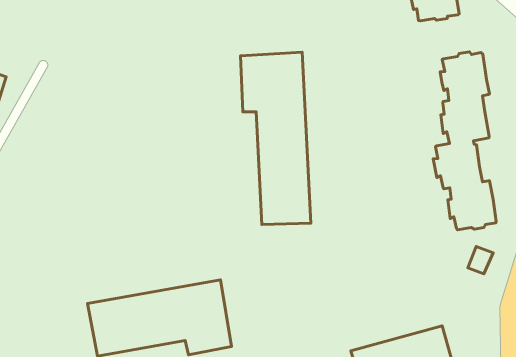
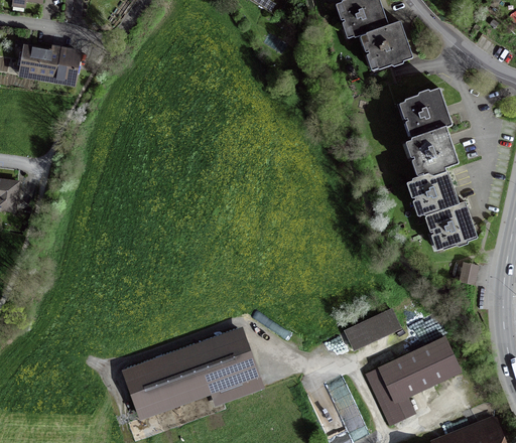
building: [241,52,311,224] -> none
building: none -> [344,309,398,349]

